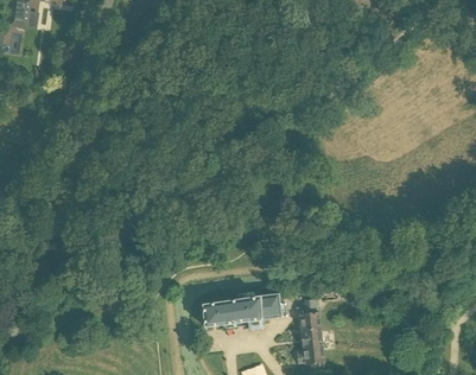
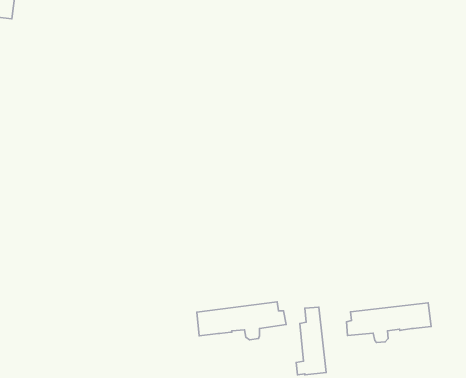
building: none -> [347,303,431,343]

